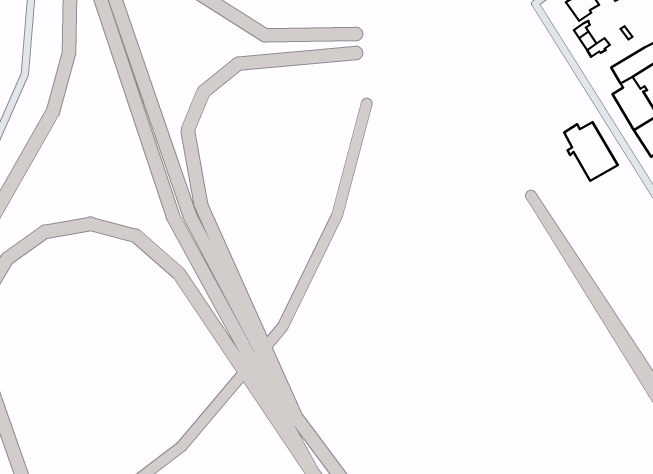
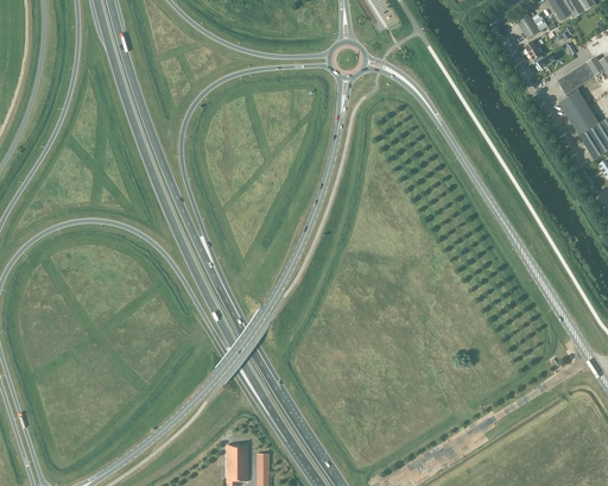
building: [564,122,618,181] -> none

